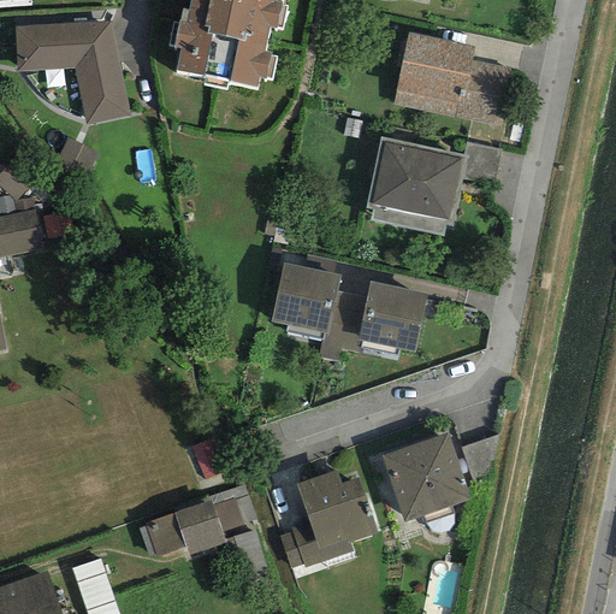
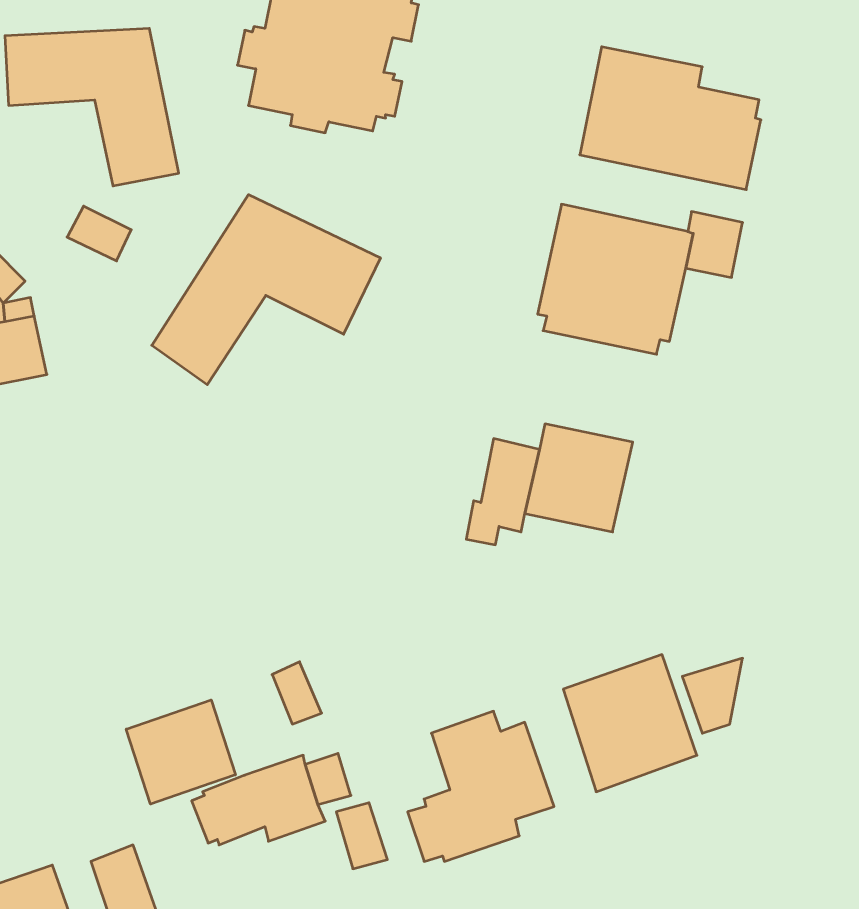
building: none -> [152,195,380,385]
building: [270,262,339,332] -> none
building: none -> [126,700,235,804]

